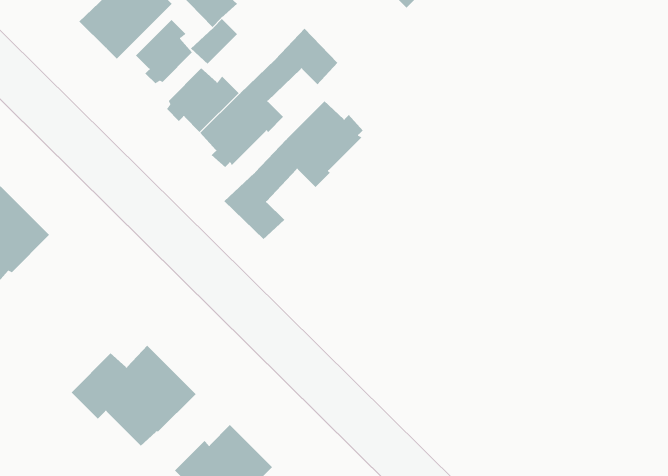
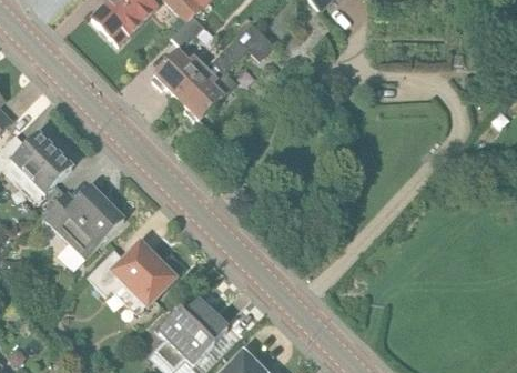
building: [135,19,193,84] -> none
building: [224,101,364,240] -> none
building: none -> [43,185,124,256]

